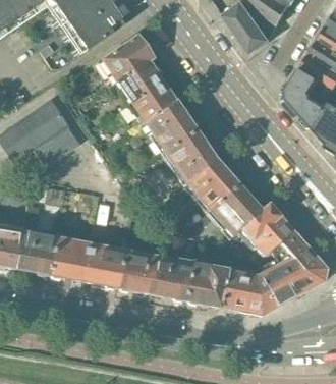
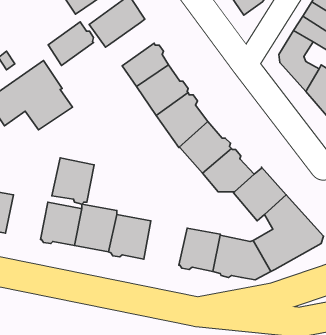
building: [116,59,161,102] -> [48,22,94,65]
building: [14,229,56,275] -> [52,158,94,204]
building: [151,255,193,300] -> none

